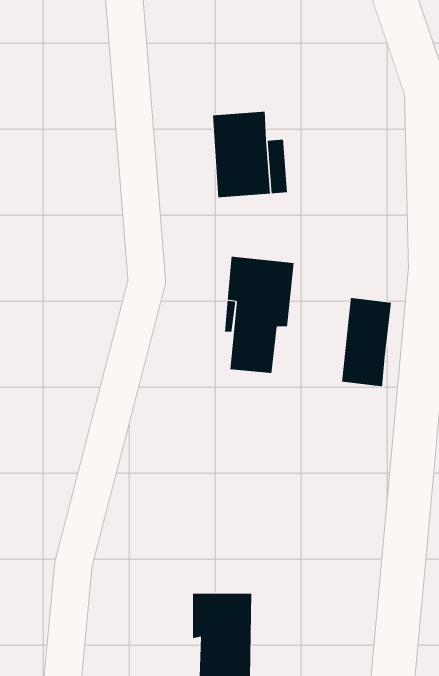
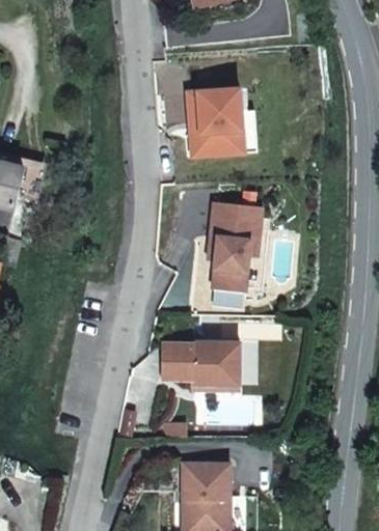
building: [342,297,391,387] -> none
building: none -> [163,343,240,386]

